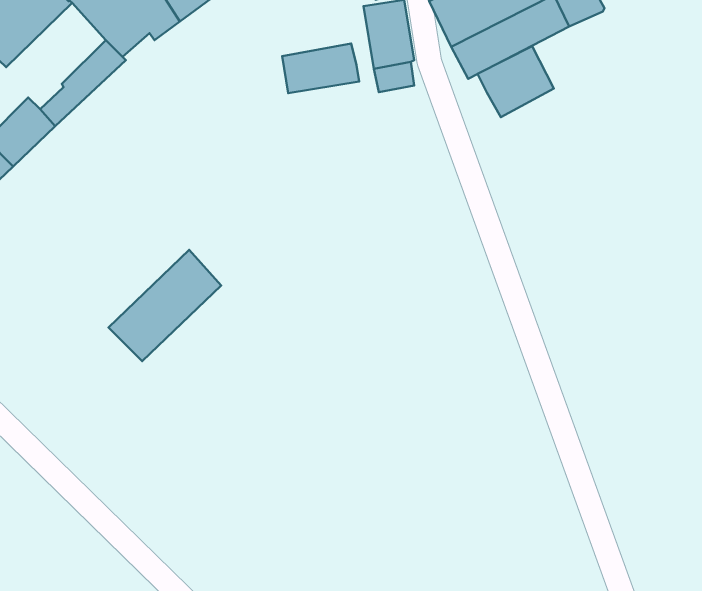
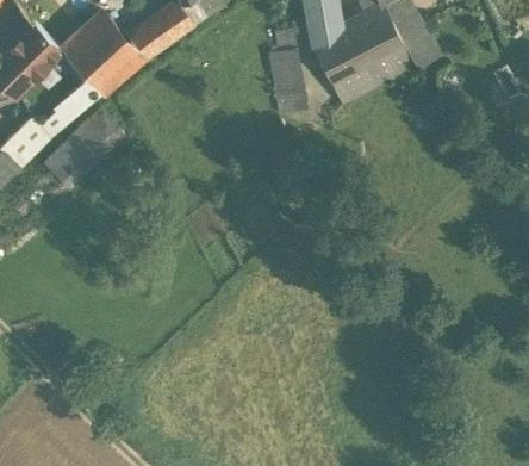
building: [282,43,359,93] -> none
building: [477,46,554,117] -> none
building: [108,250,221,361] -> [44,105,124,184]

